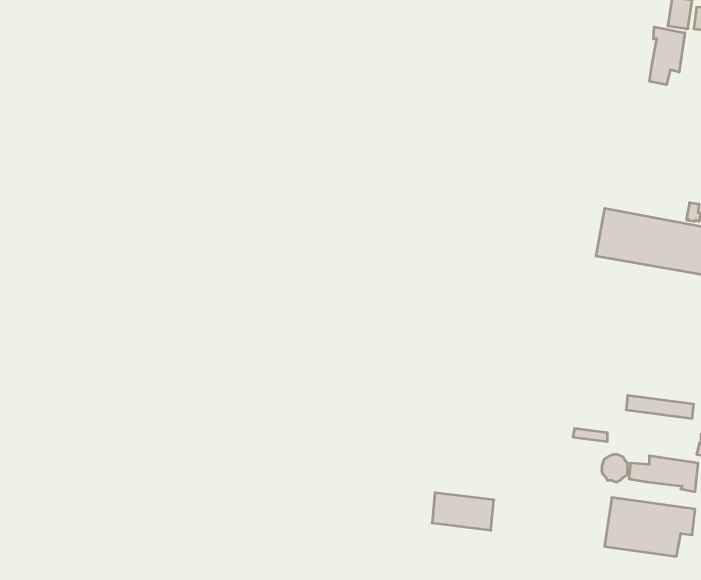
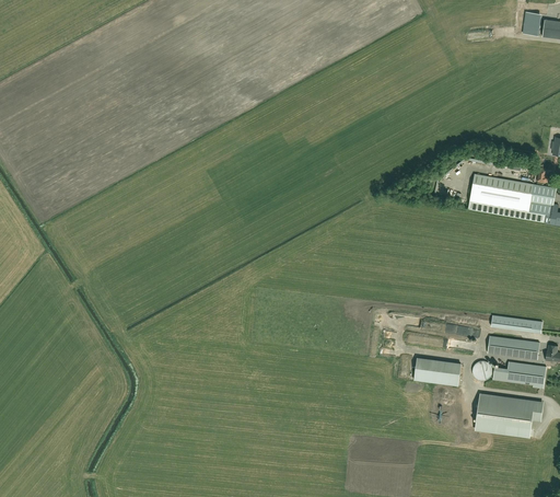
building: [650,27,685,85] -> none
building: none -> [488,336,539,359]
building: [432,493,494,530] -> [416,357,463,385]

